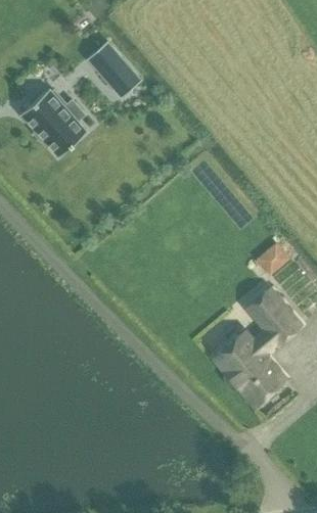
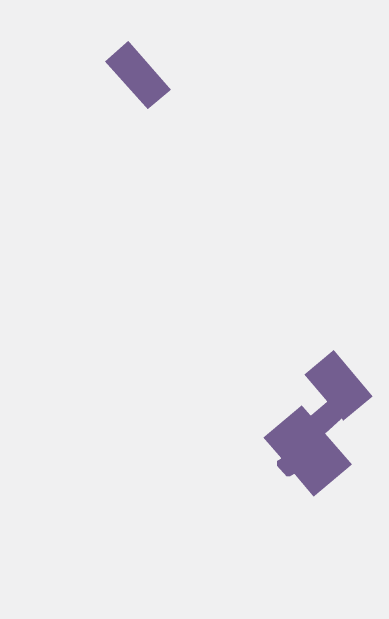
building: [20,89,86,156] -> none
building: [256,243,288,276] -> none

